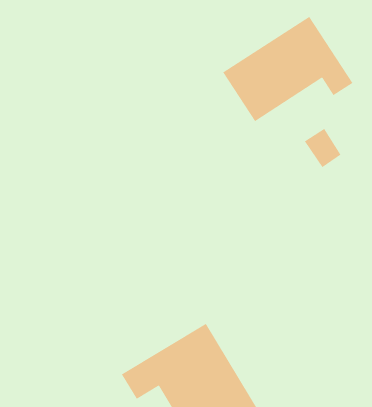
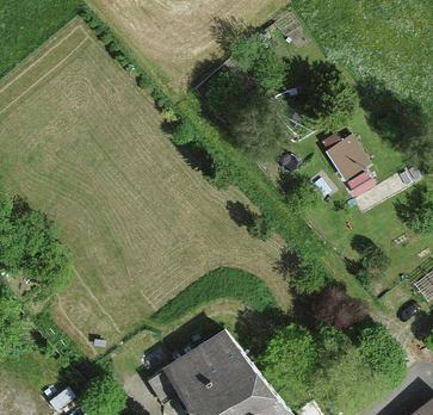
building: [222,16,354,122] -> none

